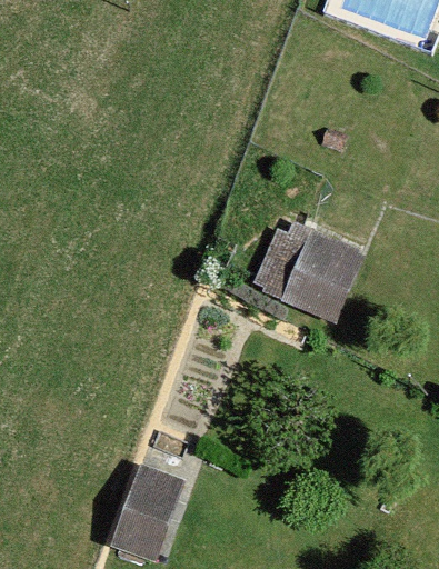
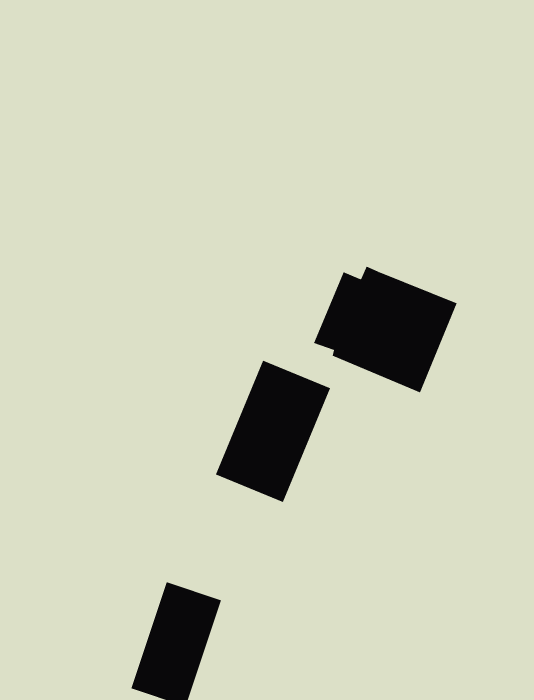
building: none -> [215,360,331,503]

